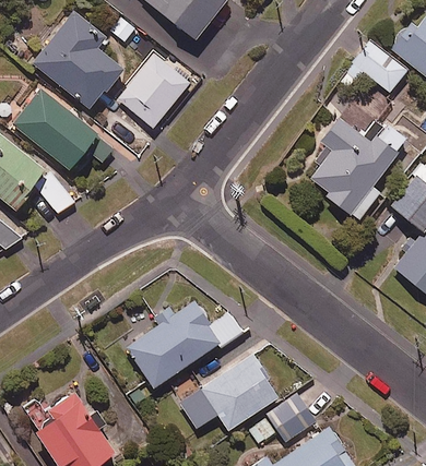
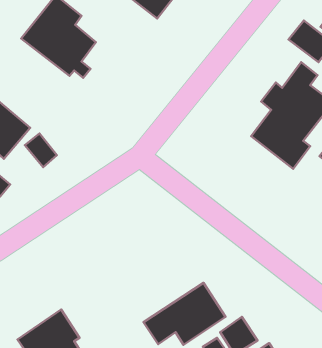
building: [119,55,190,128] -> none
building: [13,89,114,171] -> none
building: [128,302,244,387] -> none

